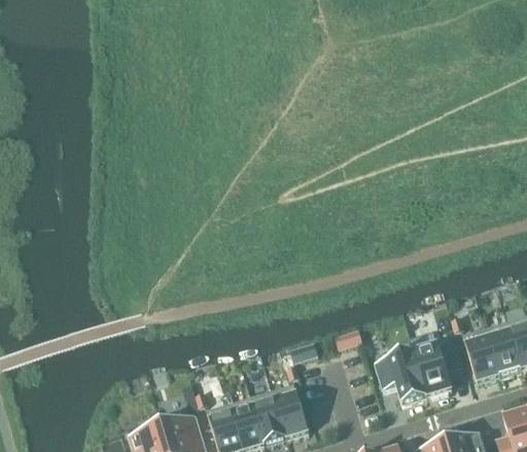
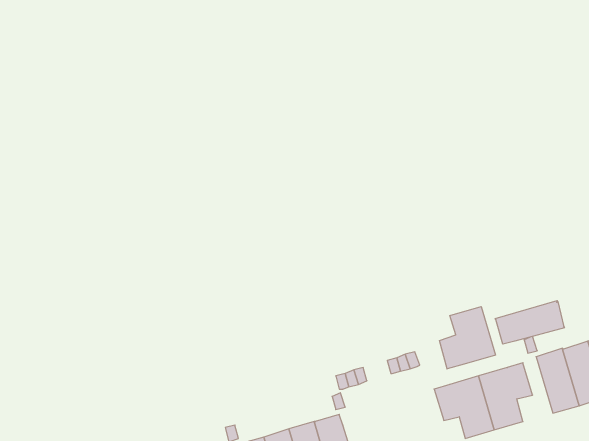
building: none -> [495,301,564,344]
building: none -> [439,307,495,369]

